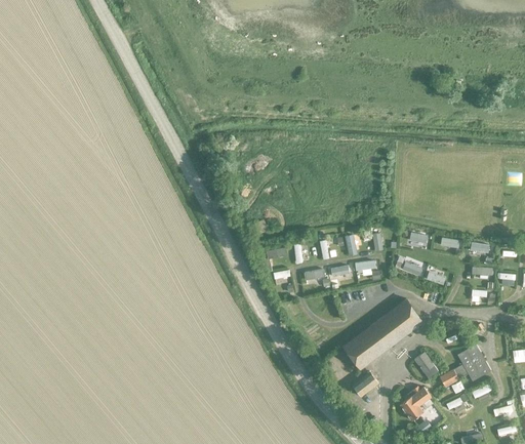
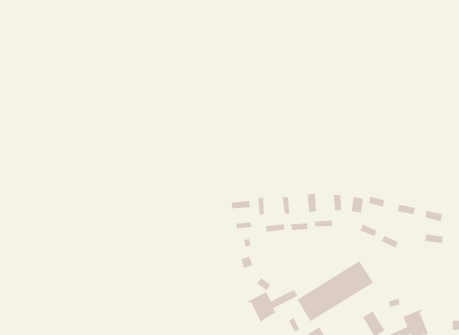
building: none -> [246,289,298,323]

